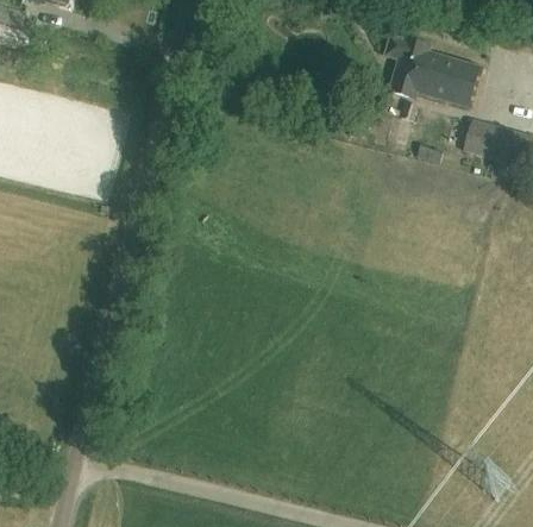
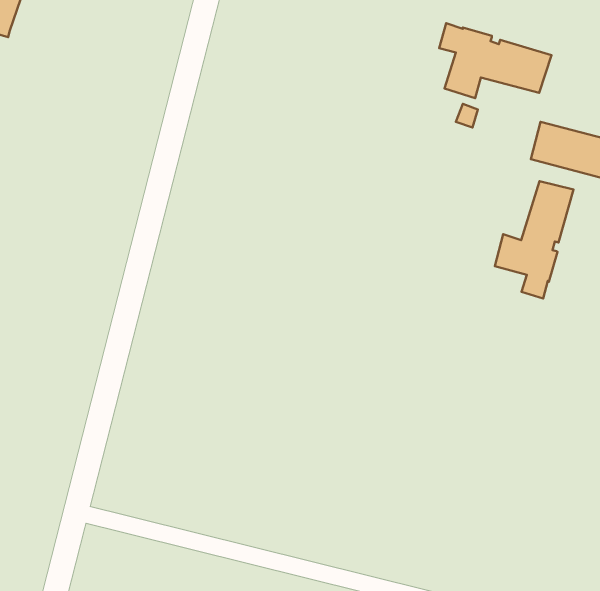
building: none -> [495,181,573,298]

